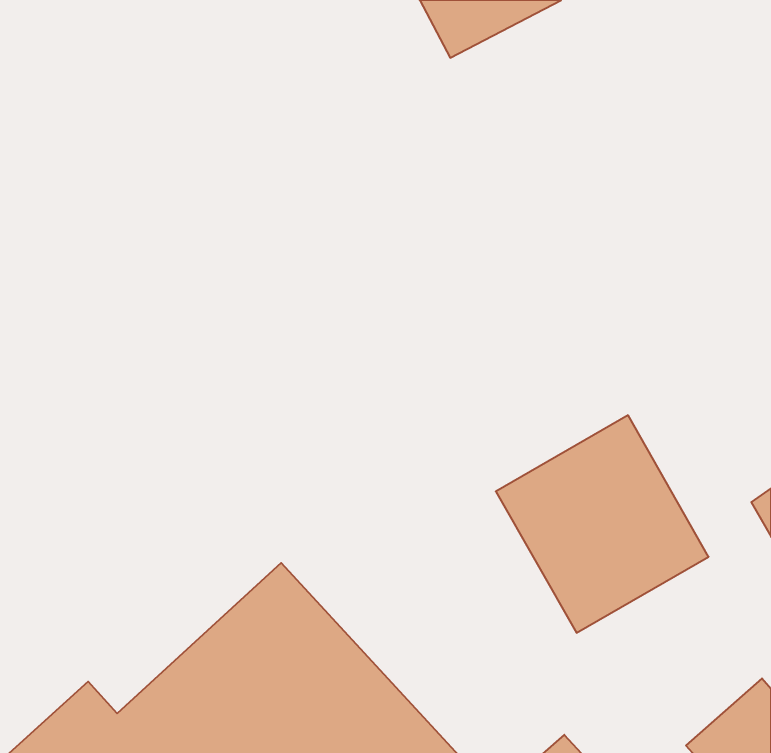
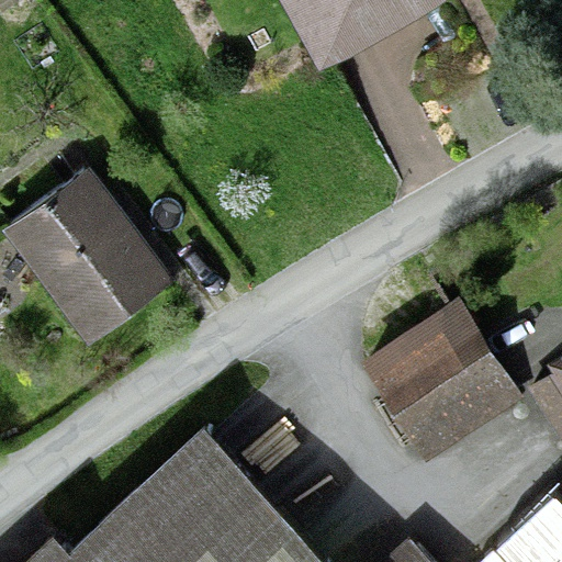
building: none -> [8,151,184,335]

